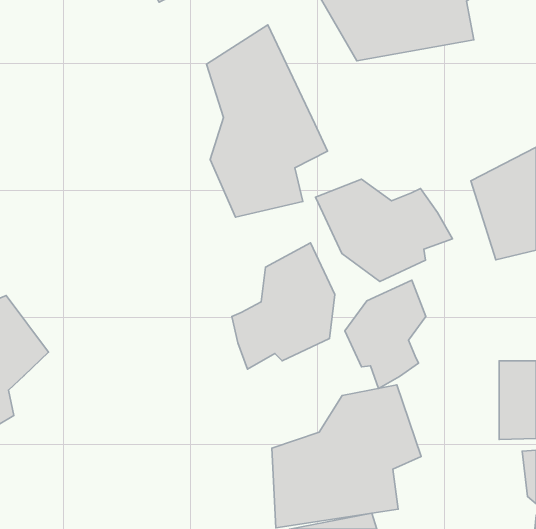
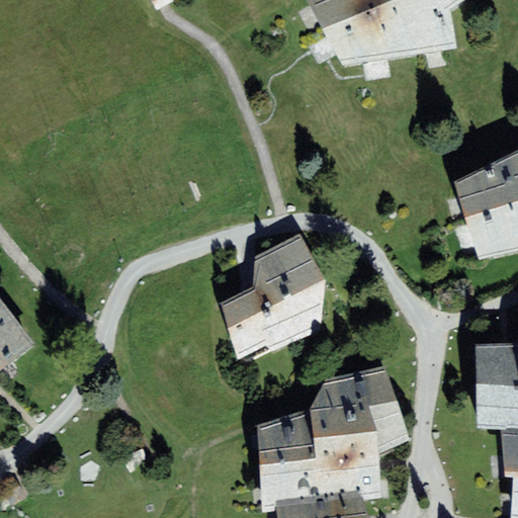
building: [207,25,327,217] -> none
building: [316,179,453,281] -> none
building: [345,280,426,388] -> none

